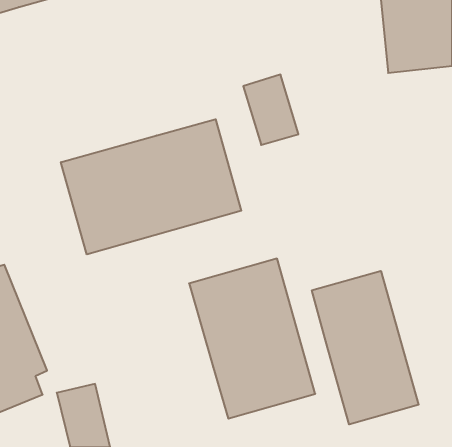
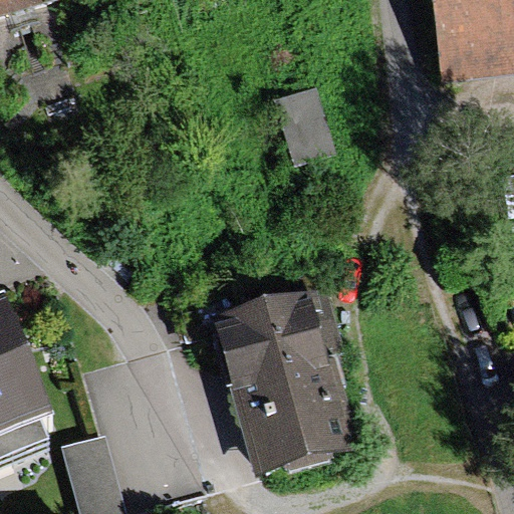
building: [61,119,241,254] -> none
building: [312,271,419,424] -> none

